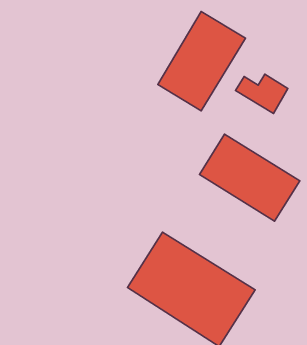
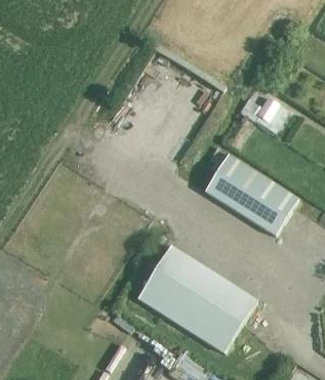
building: [158,12,246,111] -> none

